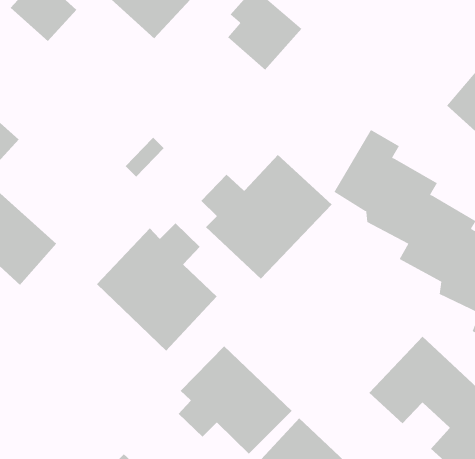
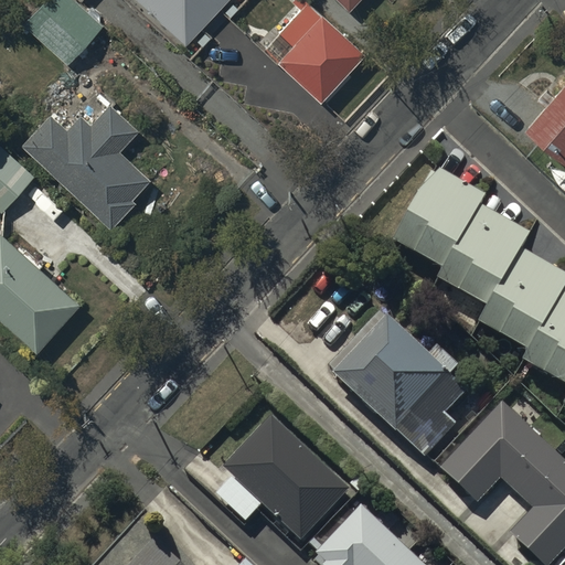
building: none -> [18,102,148,225]
building: [200,154,333,279] -> none
building: [96,222,217,352] -> none
building: none -> [331,312,466,456]

